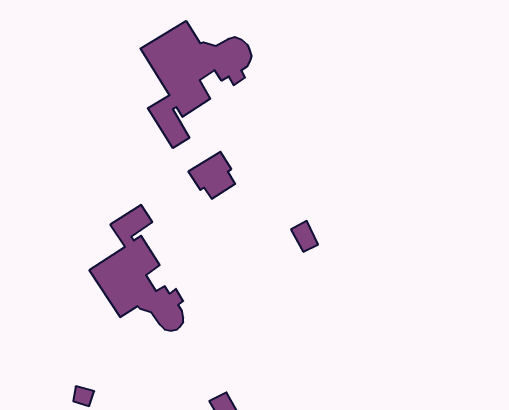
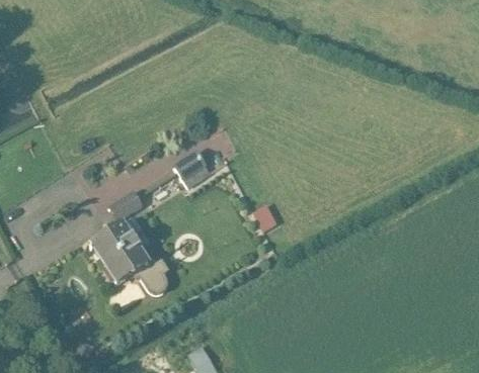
building: [140,21,251,148] -> none

